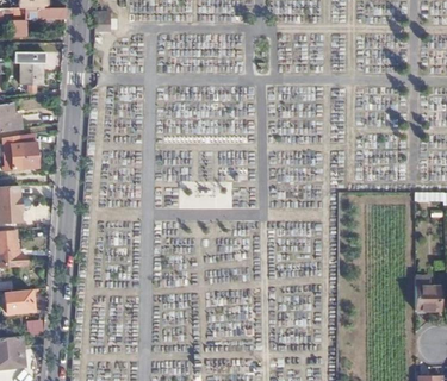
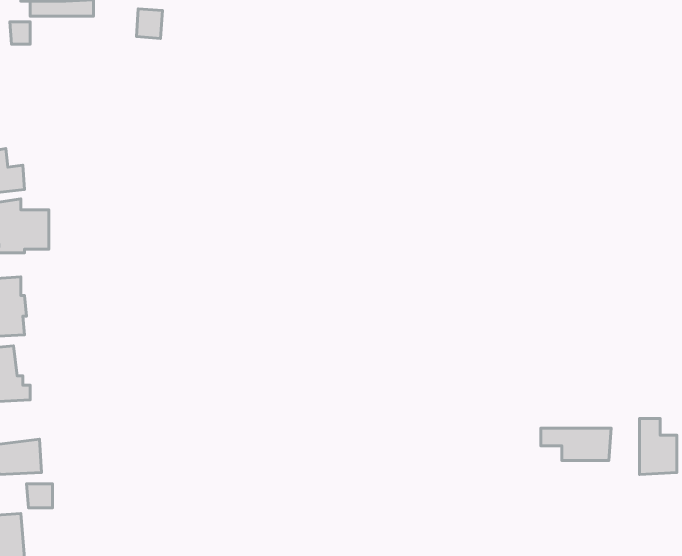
building: [21,54,43,94] -> none
building: none -> [541,428,611,461]

